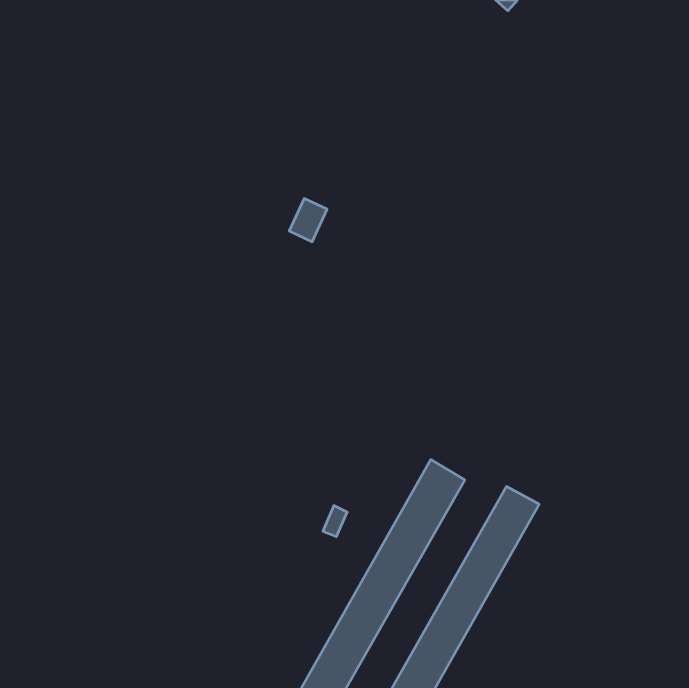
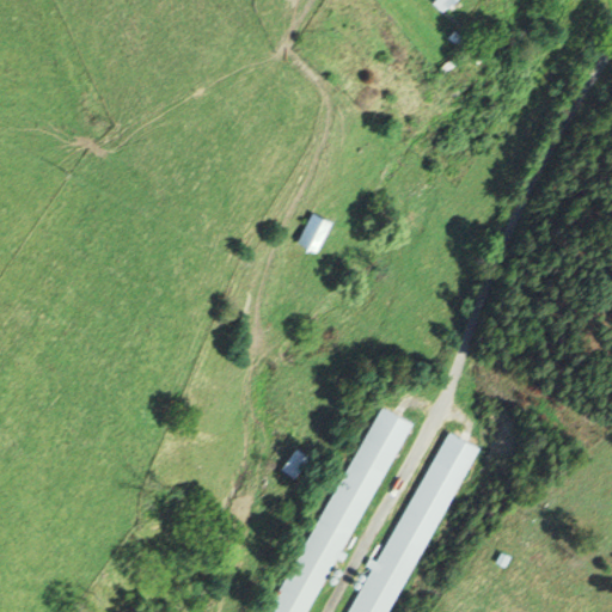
building: [289,199,327,242] -> [299,214,332,252]

